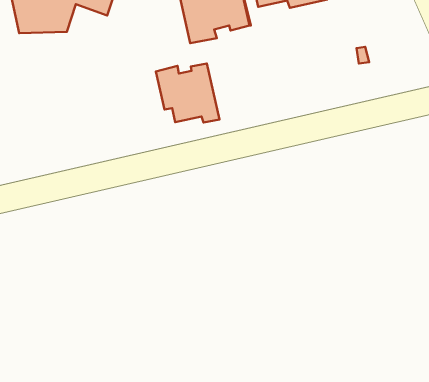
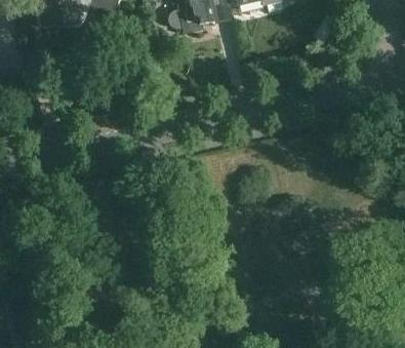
building: [156,64,219,123] -> none

